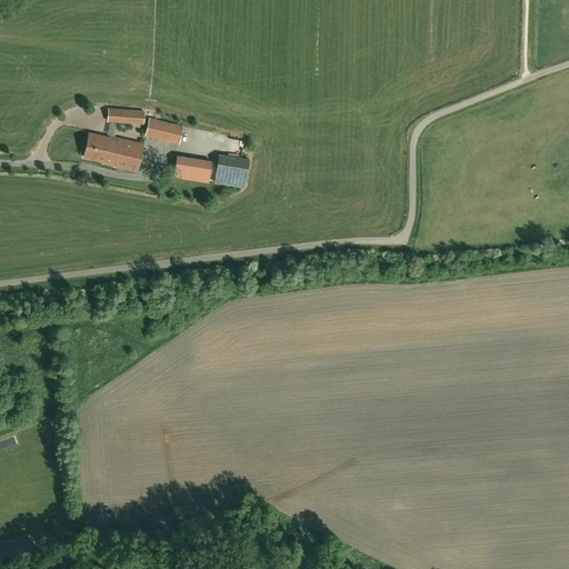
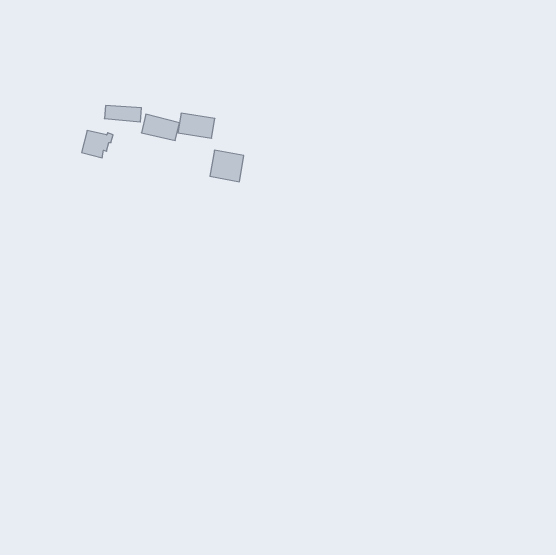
building: [103,138,142,170] -> none
building: [173,156,211,181] -> [178,113,215,138]

